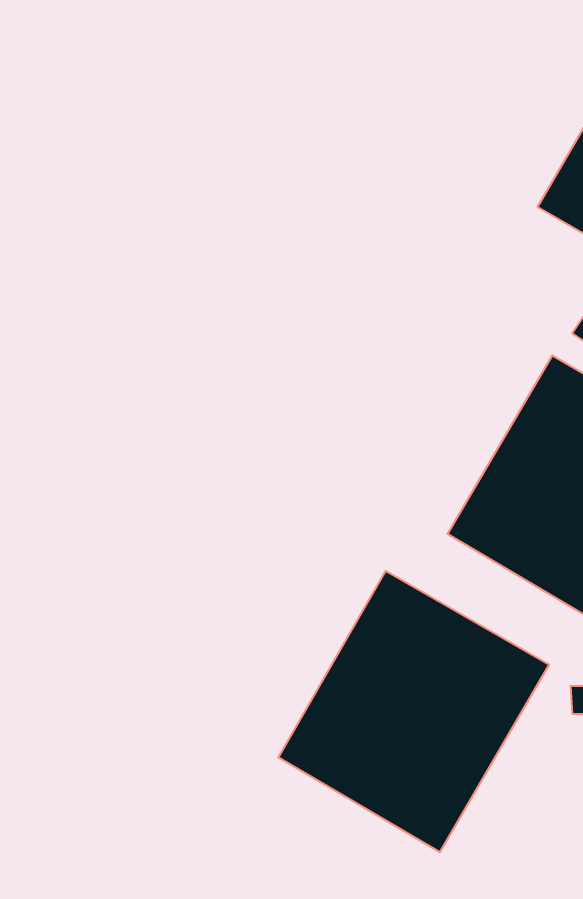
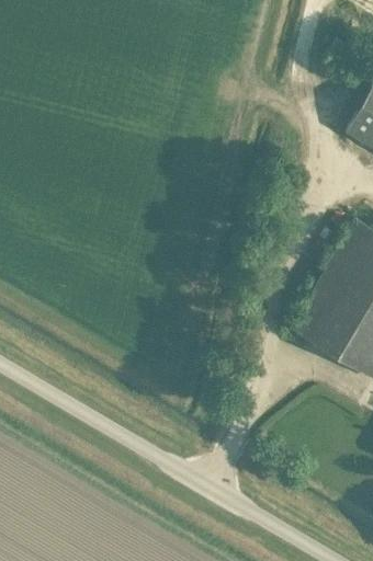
building: [278,571,549,852] -> none

